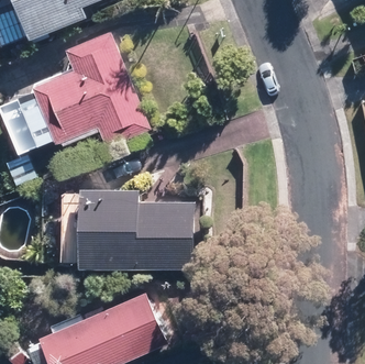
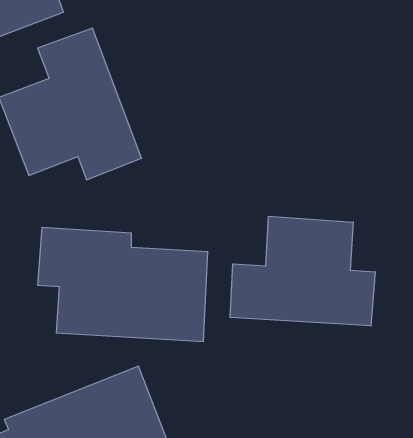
building: none -> [230,216,375,326]

